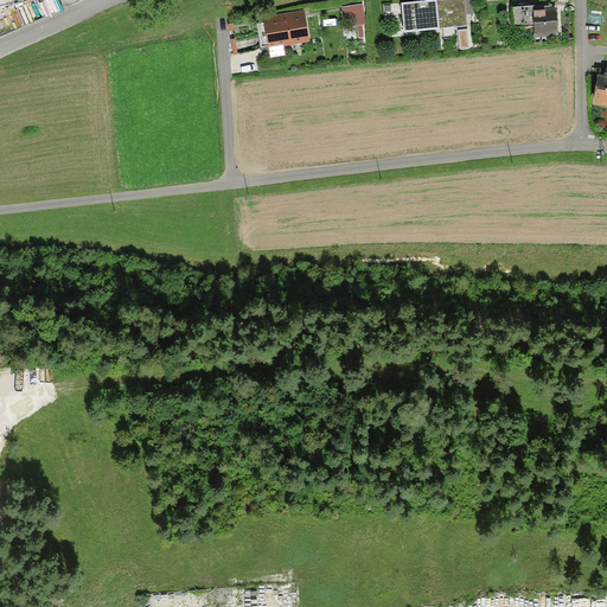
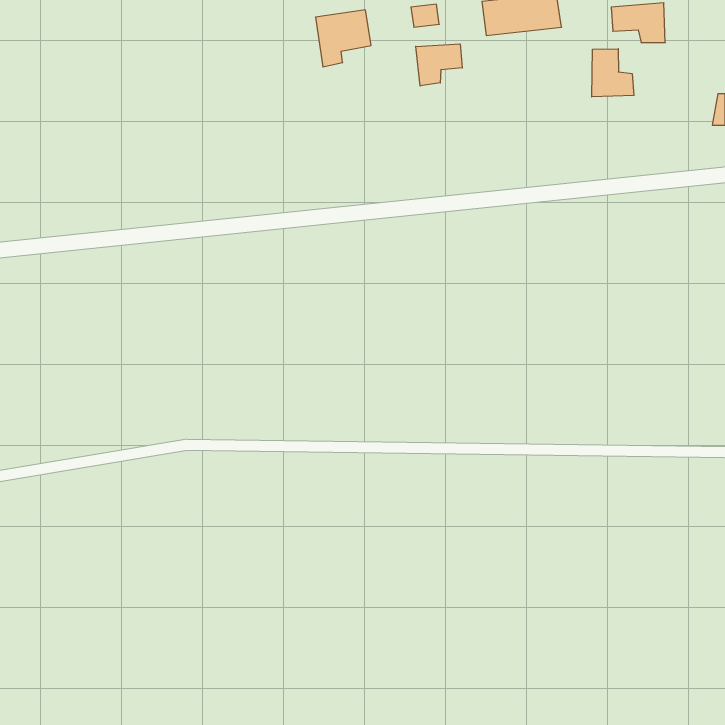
building: none -> [416,44,462,86]
building: none -> [592,49,634,97]

